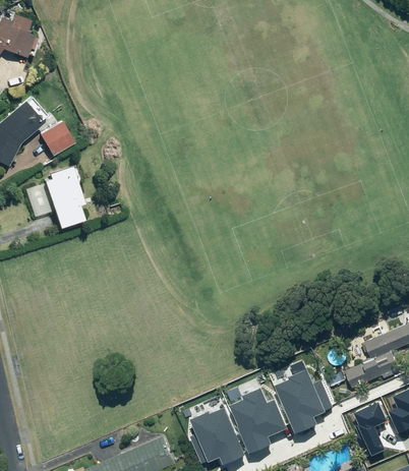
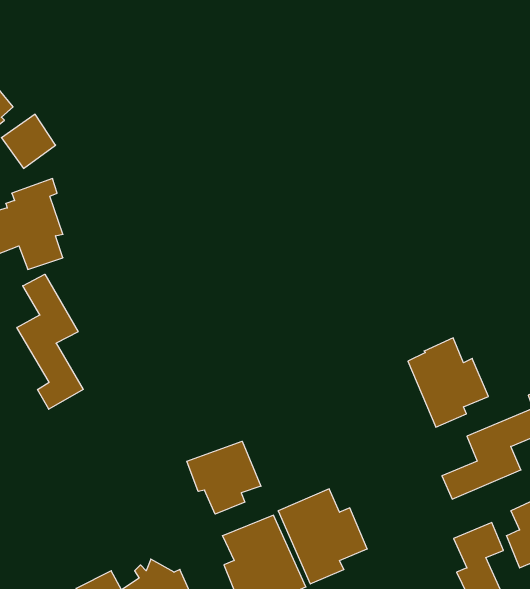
building: none -> [17,274,83,409]
building: none -> [187,441,261,514]
building: [280,364,336,426] -> [408,338,488,427]

